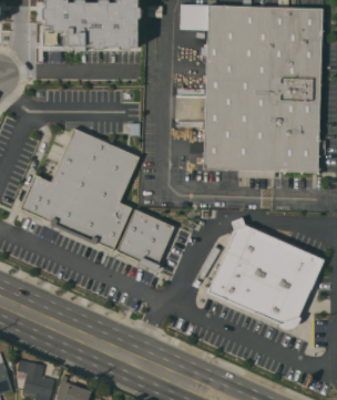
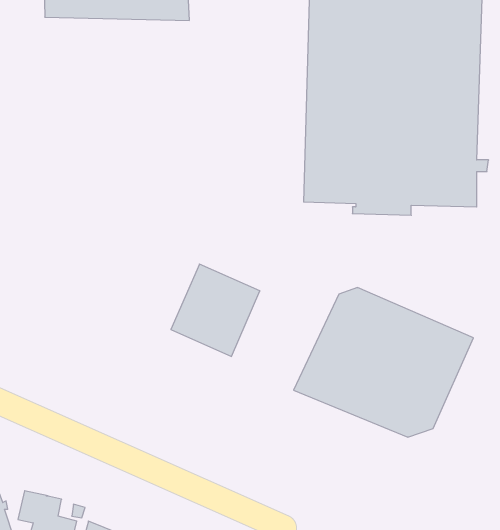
building: [22,129,142,250] -> none

